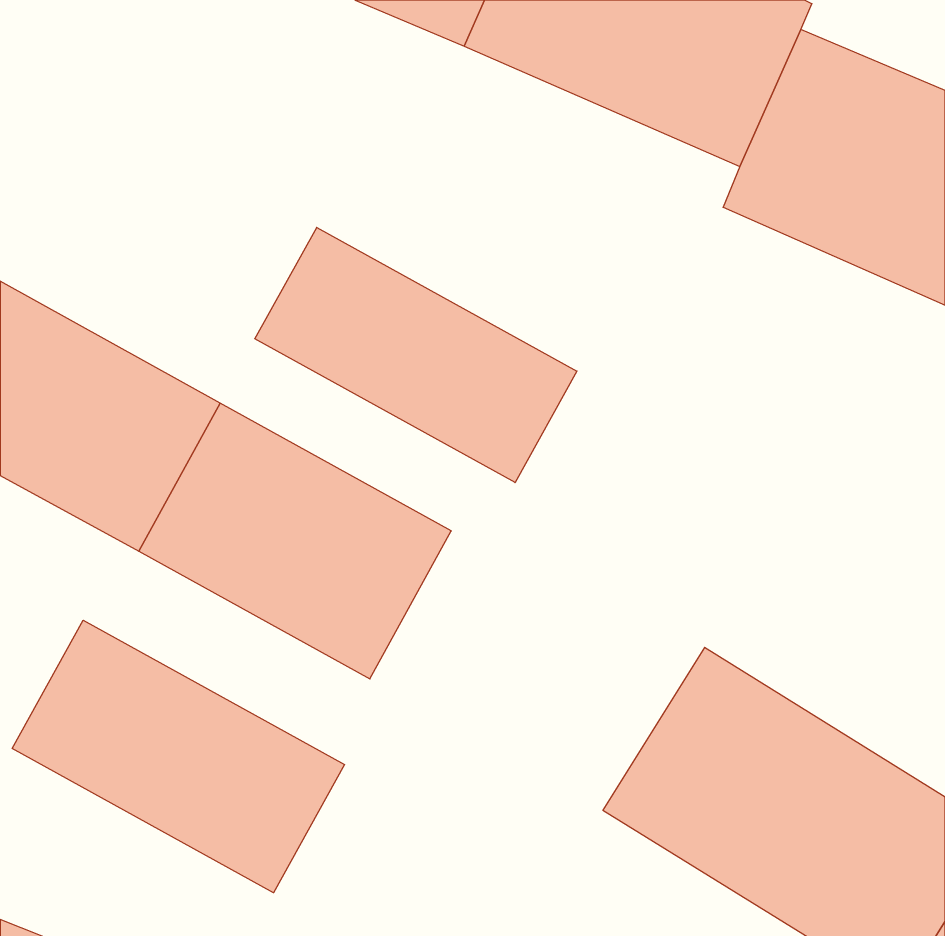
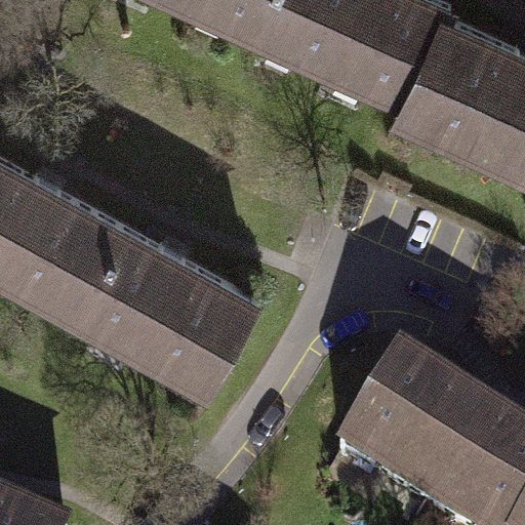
building: [255,227,577,483] -> none
building: [12,620,345,893] -> none

